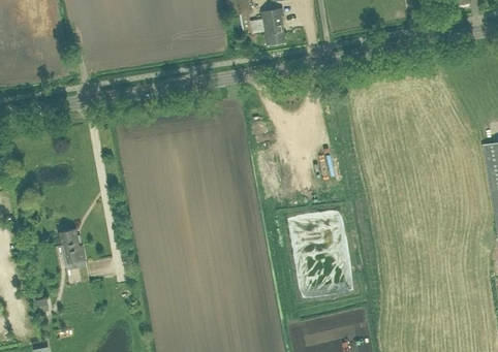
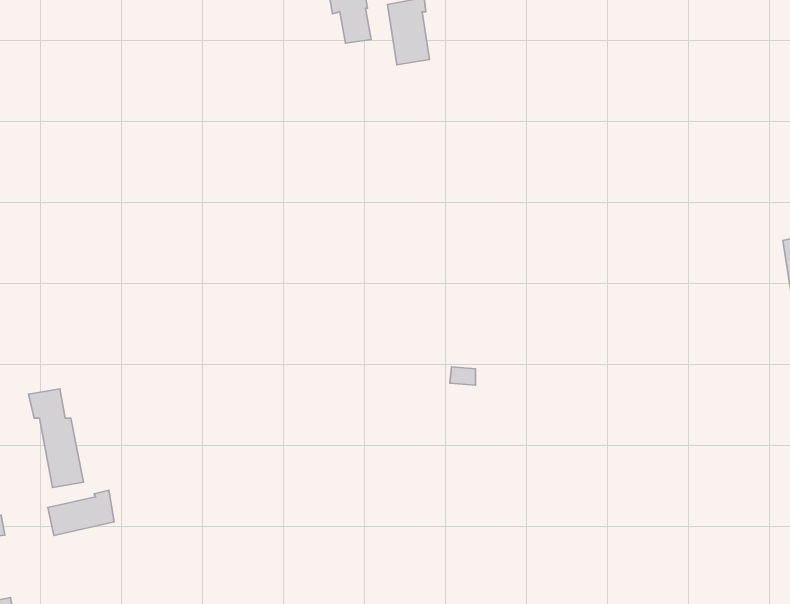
building: none -> [48,490,114,536]

